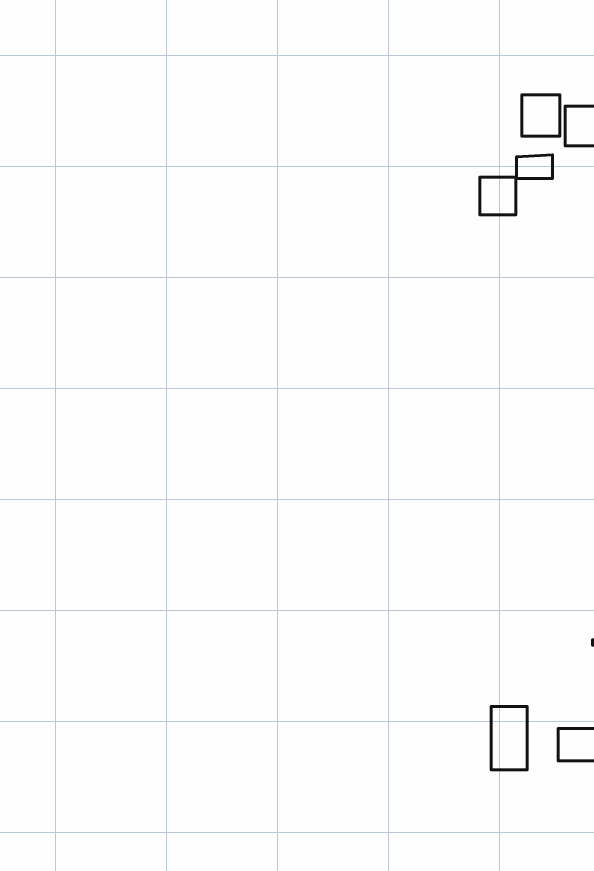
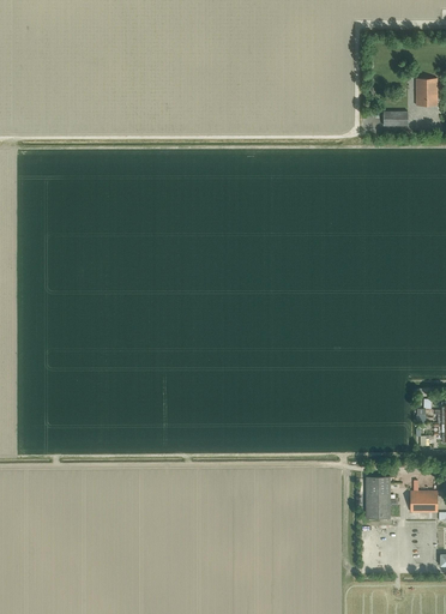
building: [522,95,560,136] -> none
building: [480,177,516,215] -> none

